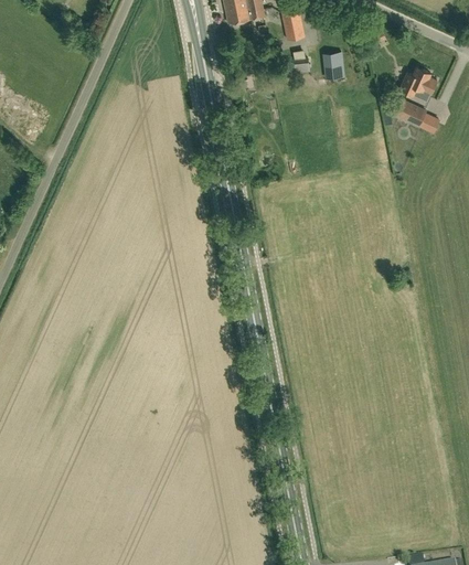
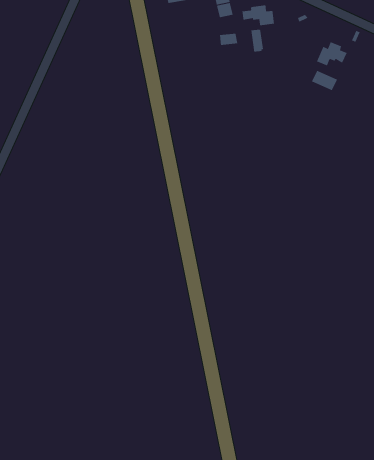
building: none -> [242,5,275,26]

